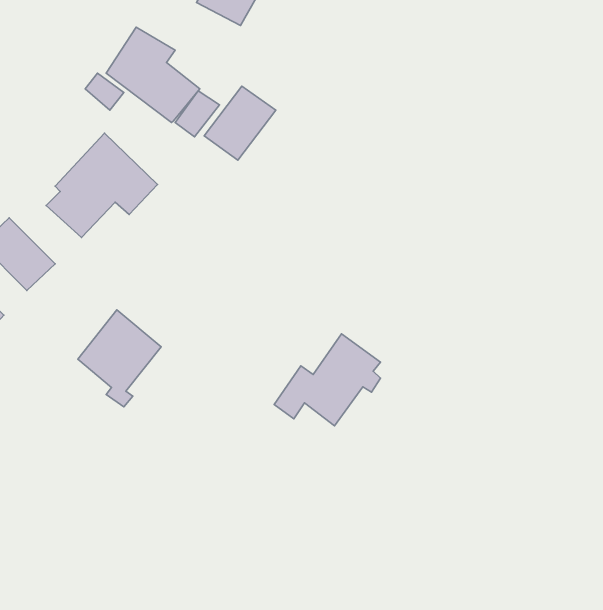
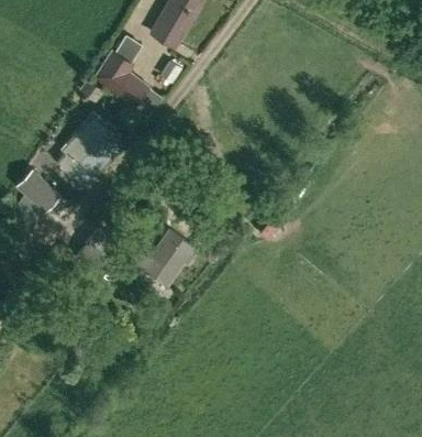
building: [204,86,276,160] -> none
building: [274,334,380,426] -> [127,230,193,287]

